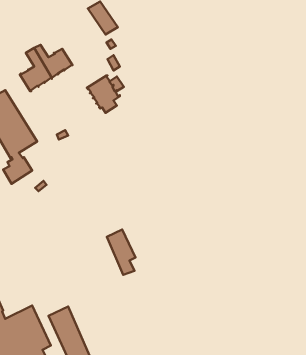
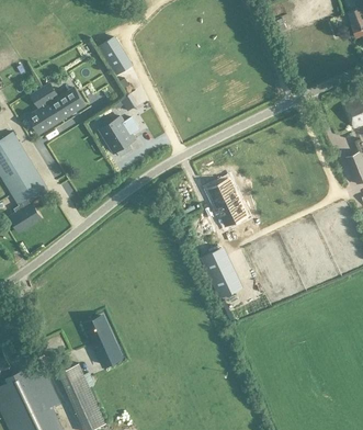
building: none -> [208,180,247,226]
building: none -> [202,250,238,297]
building: [107,230,136,275] -> [86,317,116,365]

